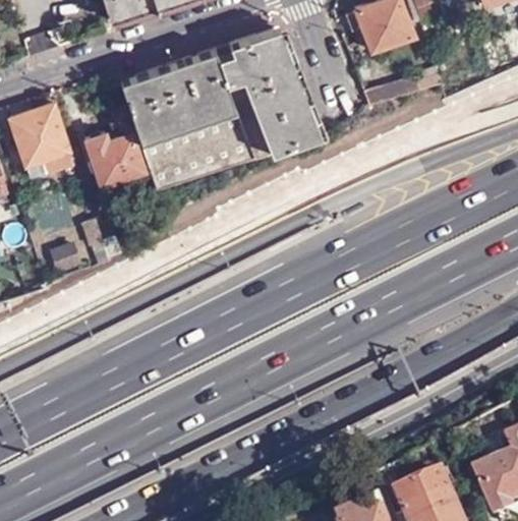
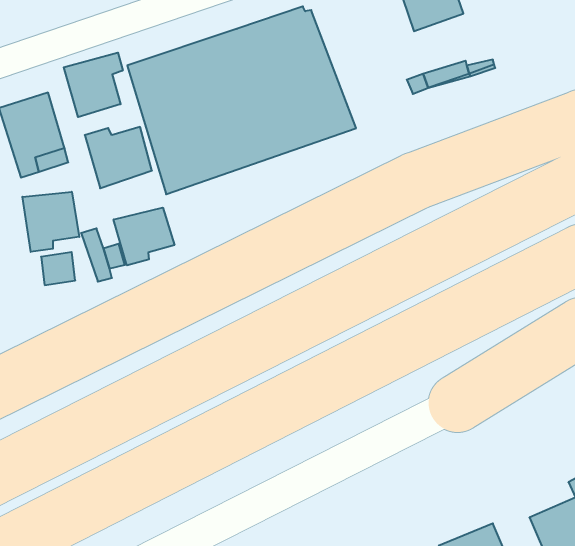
building: none -> [64,53,123,117]
building: none -> [22,192,79,252]
building: none -> [114,208,174,265]

